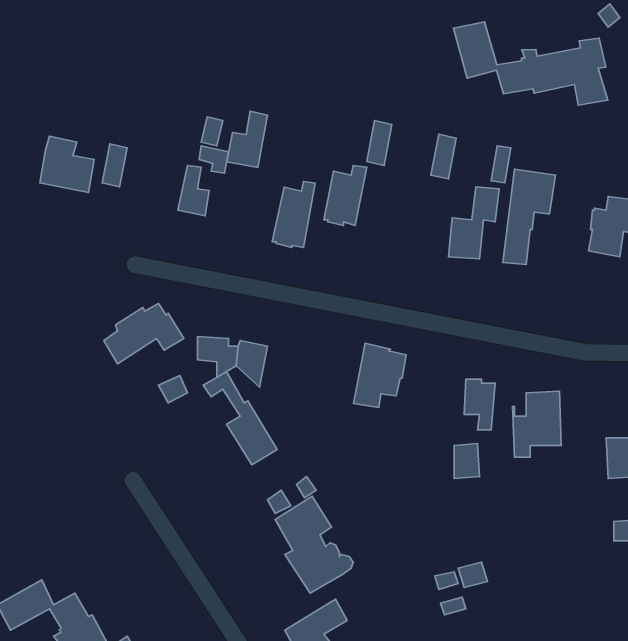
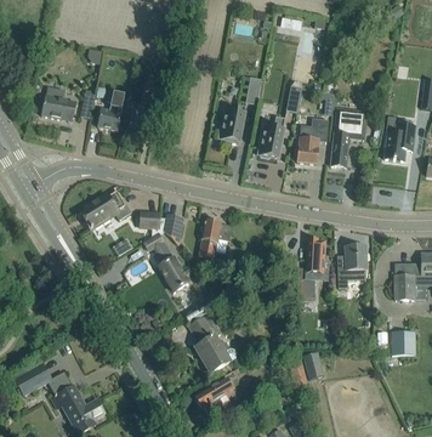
building: [454,22,608,105] -> none
building: [227,111,268,168] -> [97,95,123,130]
building: [272,181,315,248] -> [257,117,284,158]
building: [353,343,406,407] -> [198,218,231,259]

